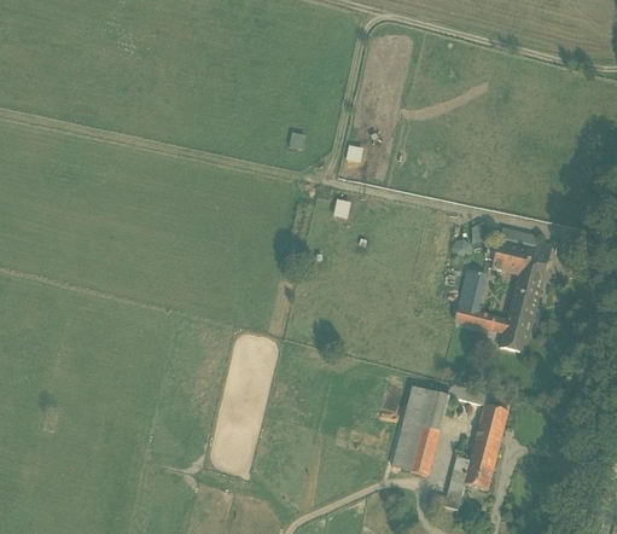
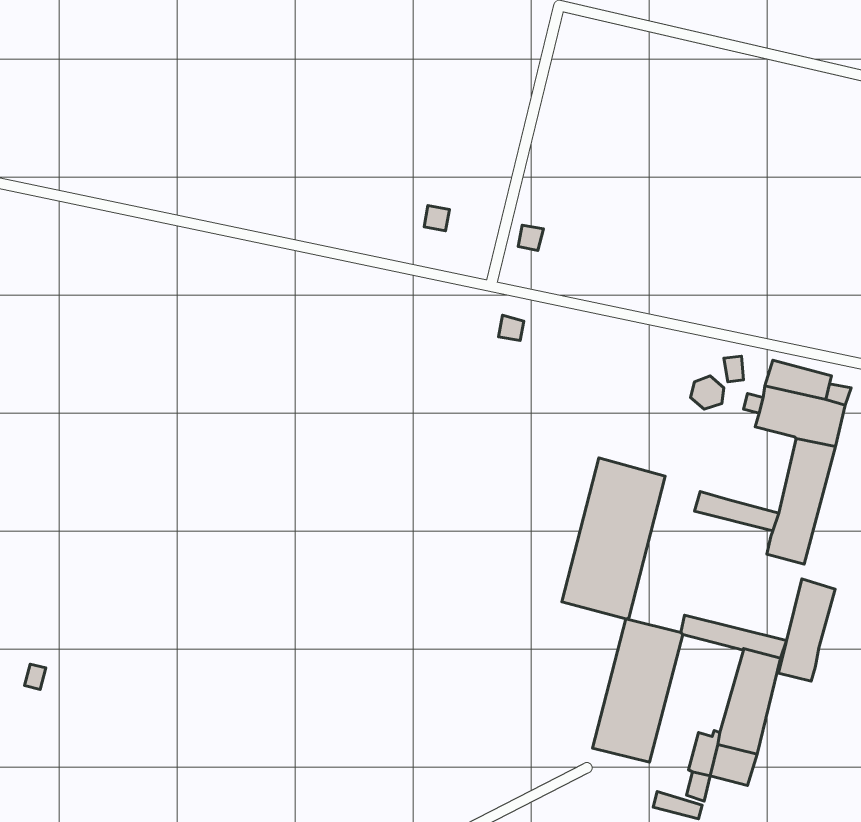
building: [459,271,485,313] -> none
building: none -> [562,458,665,619]
building: none -> [779,579,835,681]

